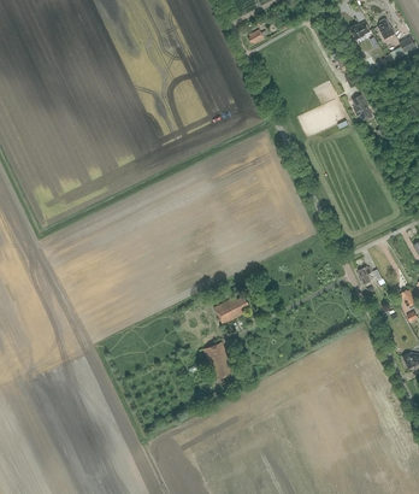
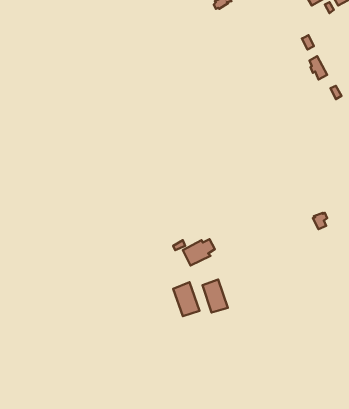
building: none -> [203,280,228,312]

